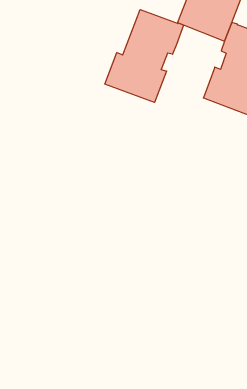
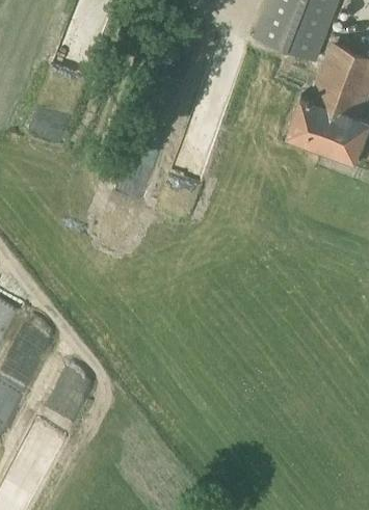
building: [105,10,184,102] -> none

